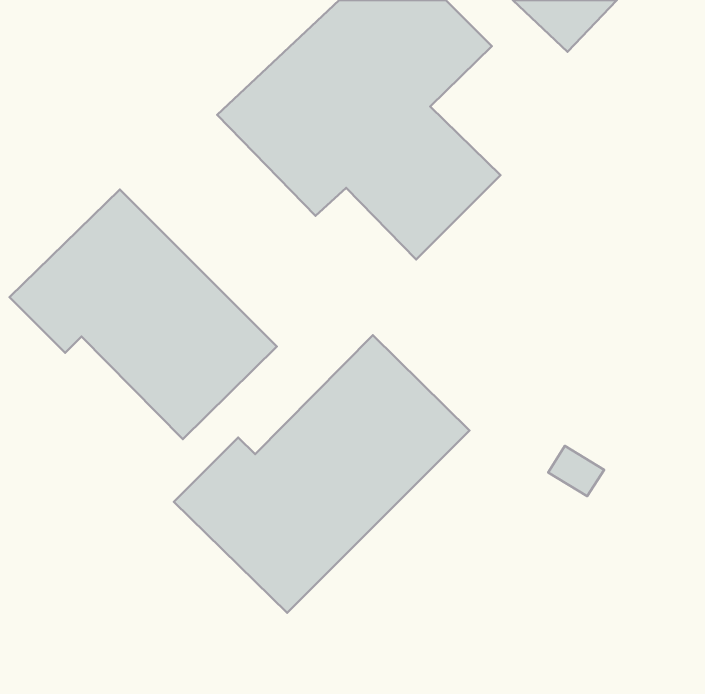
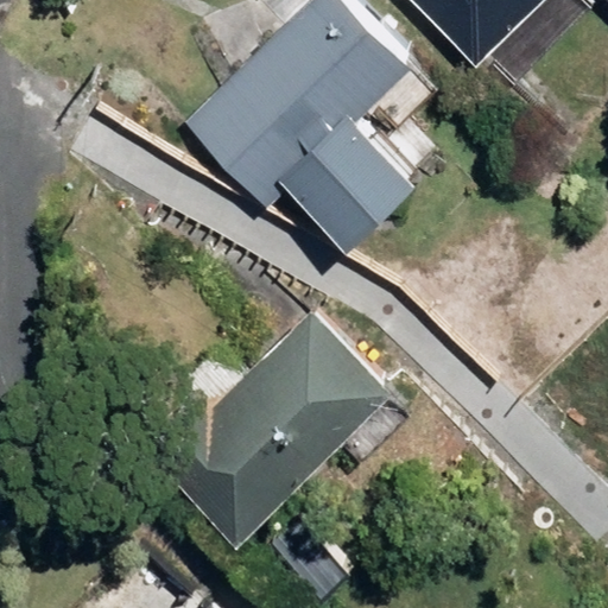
building: [10,189,277,439] -> none

